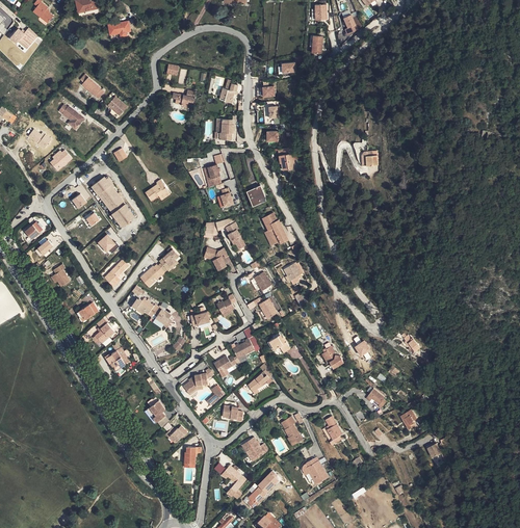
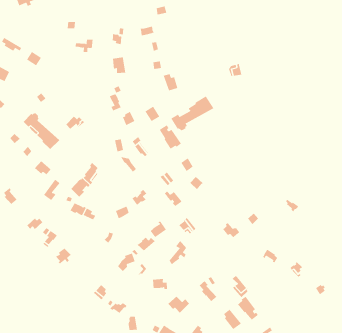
building: none -> [171,96,214,131]
building: none -> [237,296,259,321]

